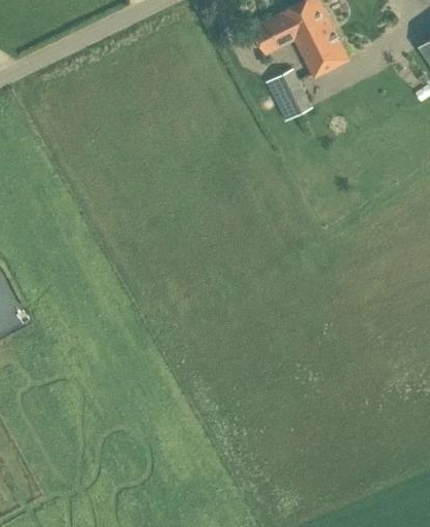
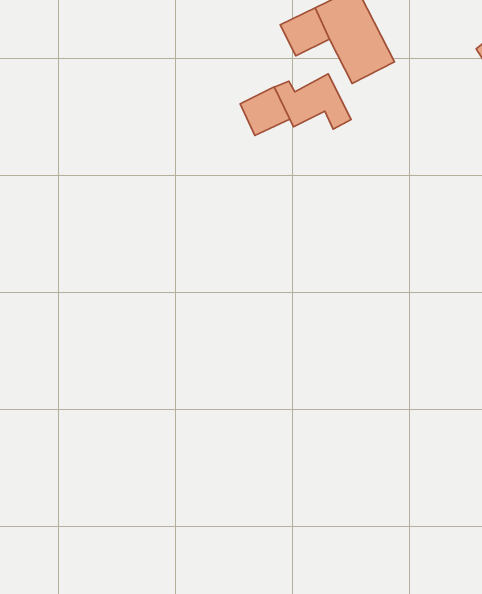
building: none -> [240,87,290,136]

